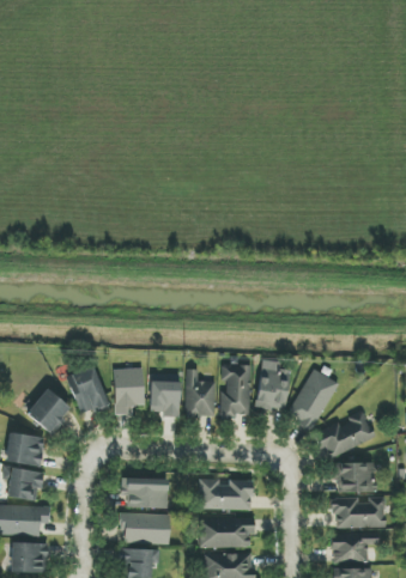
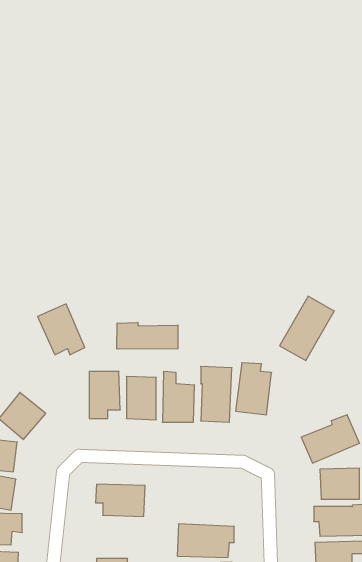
building: none -> [117,322,178,349]
building: [65,365,110,414] -> [38,304,85,355]
building: [286,369,339,431] -> [280,296,334,361]
building: [200,479,252,510] -> none
building: [119,513,169,543] -> none

